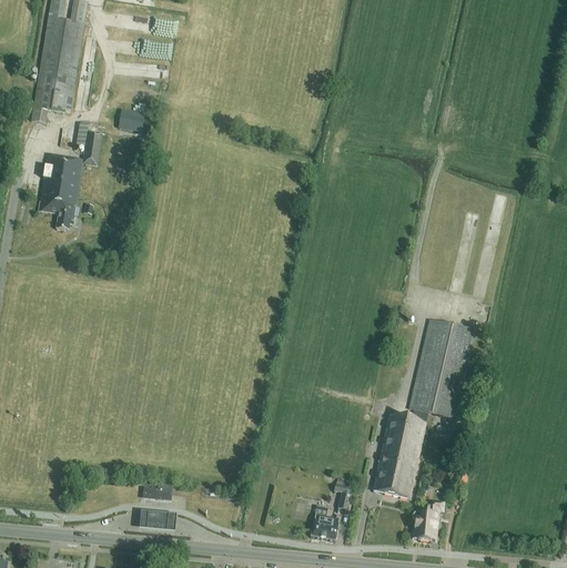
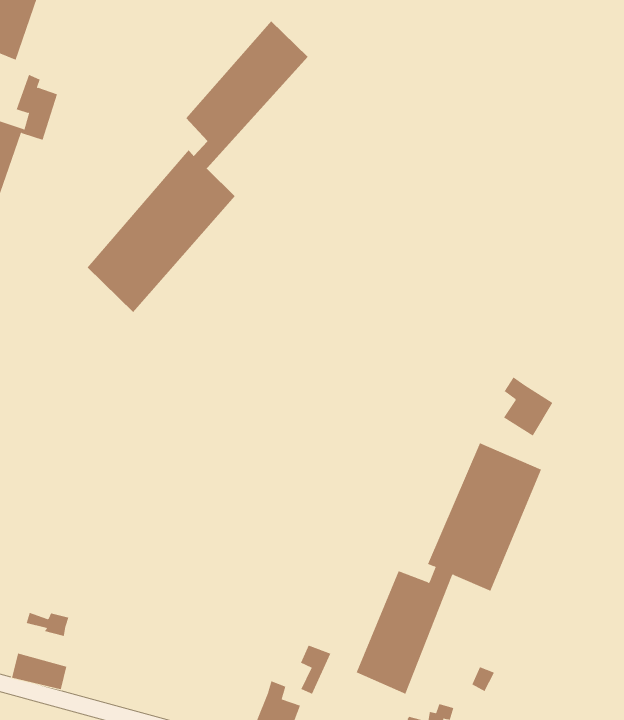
building: none -> [87,21,308,313]
building: [114,106,144,131] -> none
building: none -> [503,376,553,437]

